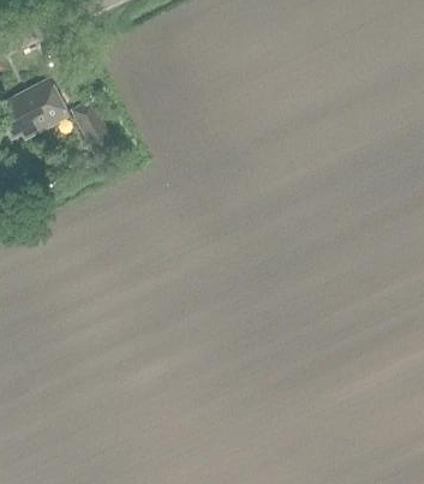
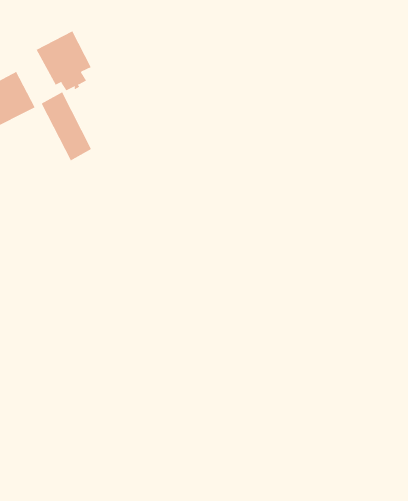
building: none -> [36,31,91,91]

